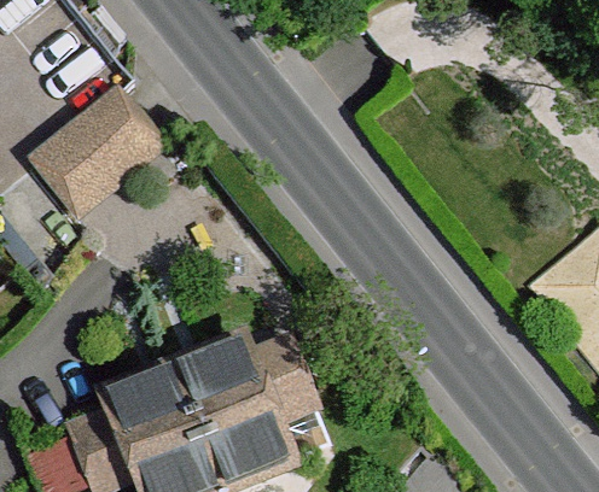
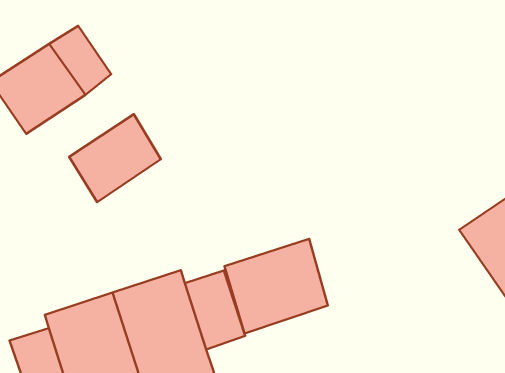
building: none -> [69,114,161,202]
building: none -> [225,239,328,334]

